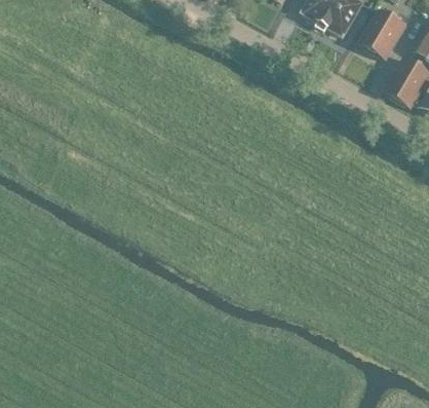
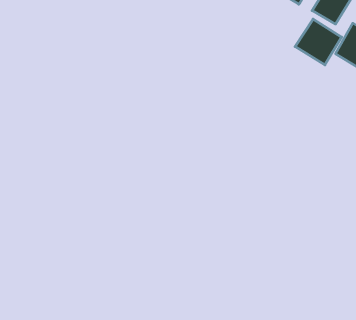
building: none -> [295,19,342,65]

